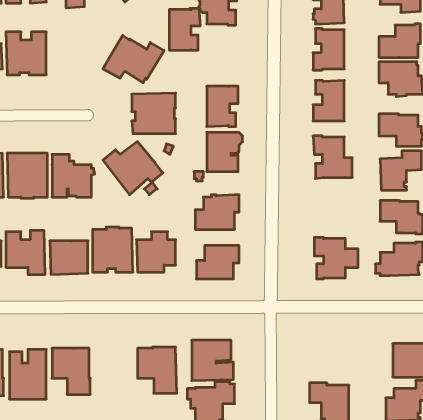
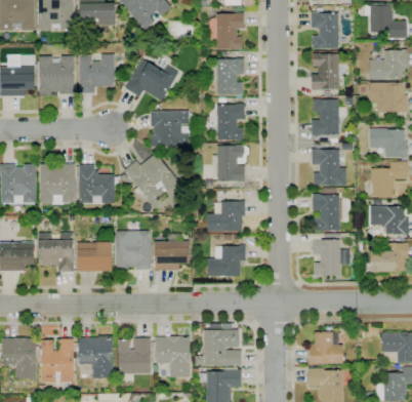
building: [169,8,200,50] -> [217,58,245,95]
building: none -> [78,52,115,93]
building: none -> [313,195,347,232]
building: none -> [310,326,343,365]
building: none -> [119,338,152,373]

